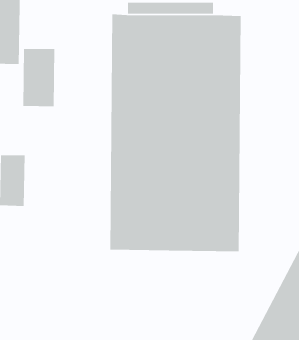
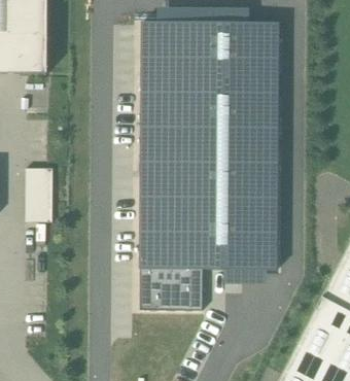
building: [23,48,55,107] -> none
building: none -> [140,268,202,310]

